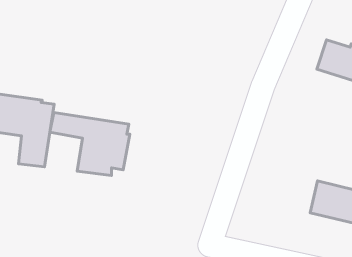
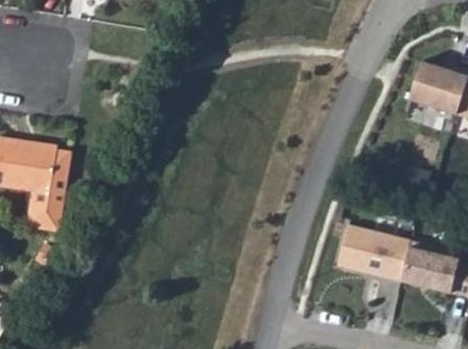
building: [50,113,130,176] -> none
building: none -> [336,229,409,285]

